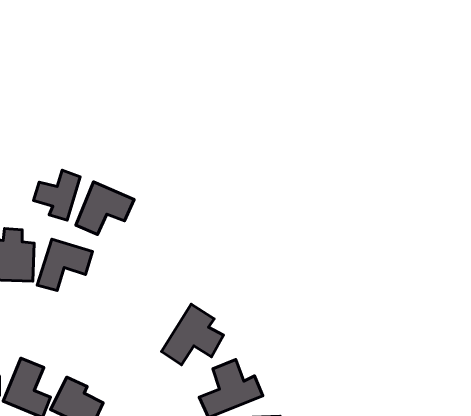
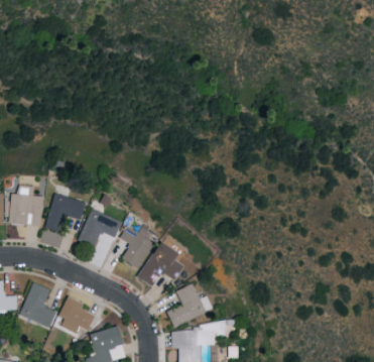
building: [34,170,80,220] -> none
building: [76,182,134,234] -> [79,209,122,248]
building: none -> [121,227,154,269]

